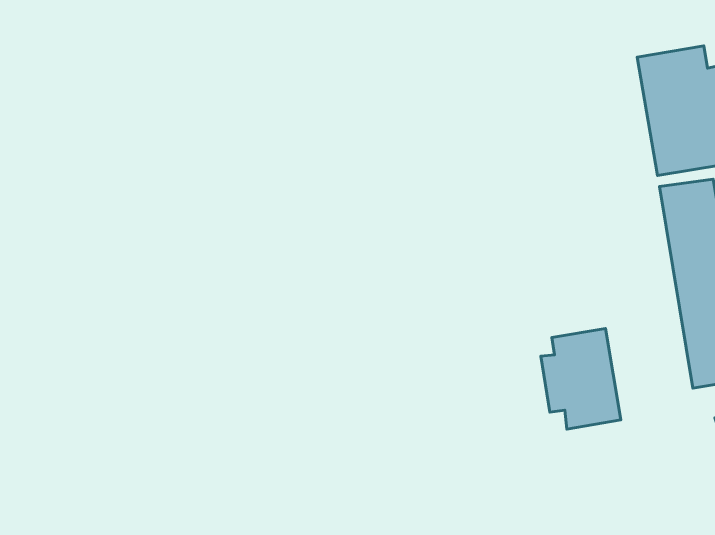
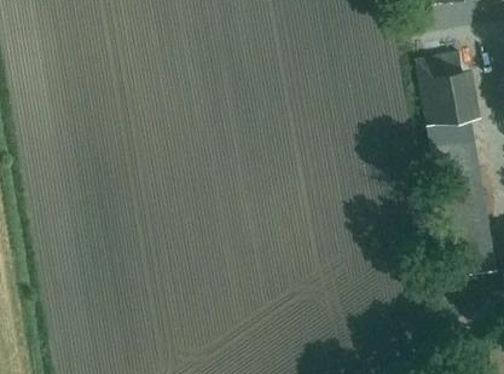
building: [541,328,621,429] -> none

